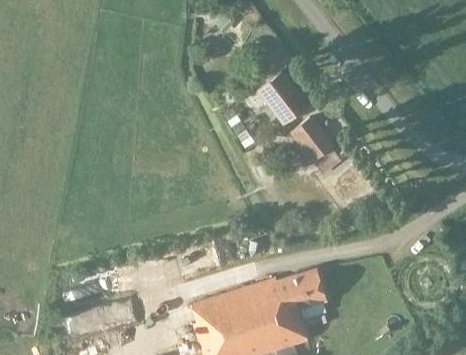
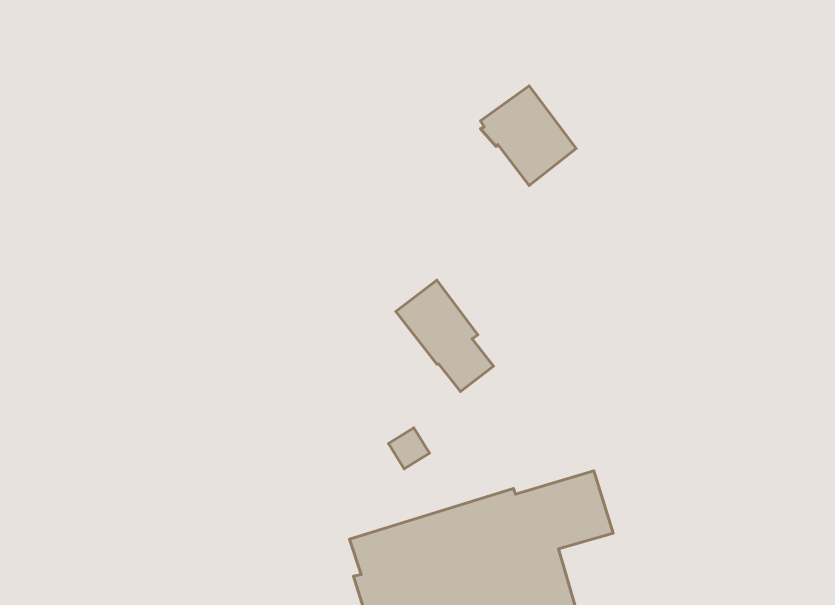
building: [292,117,342,174] -> [396,280,494,392]

